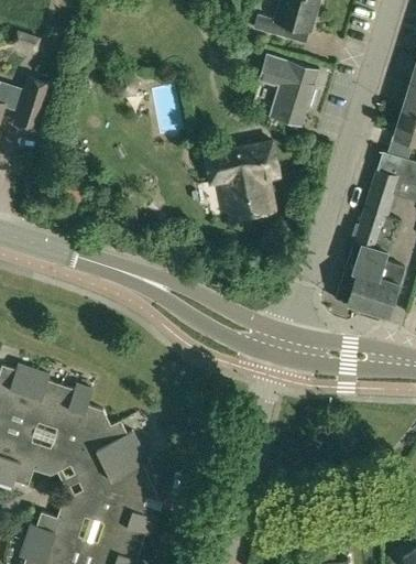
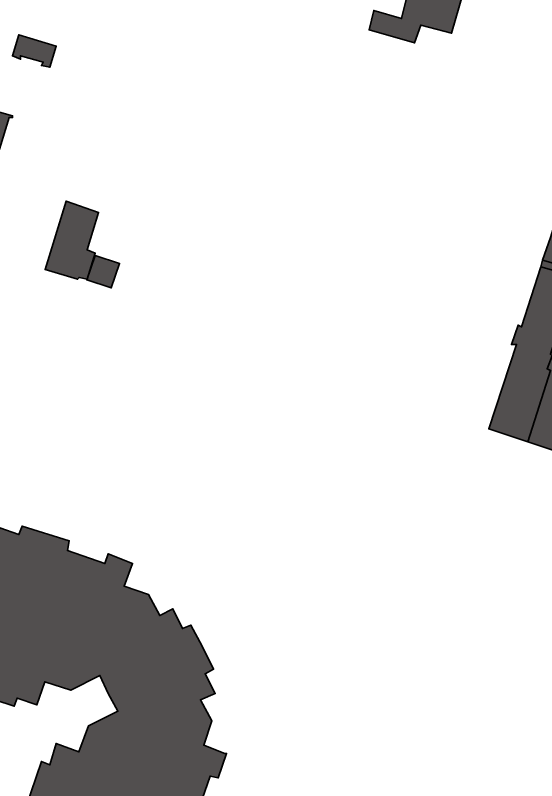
building: [258,54,319,128] -> none
building: [15,78,52,131] -> [45,201,99,279]
building: [205,142,280,221] -> none

